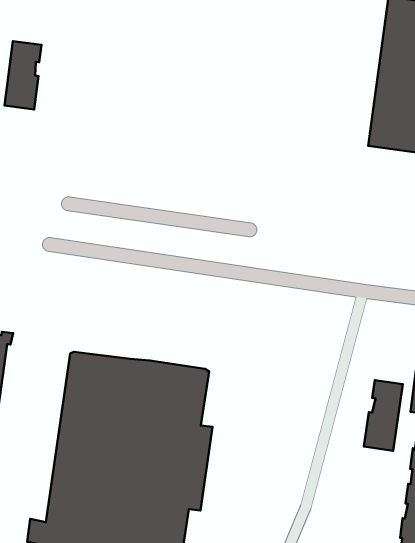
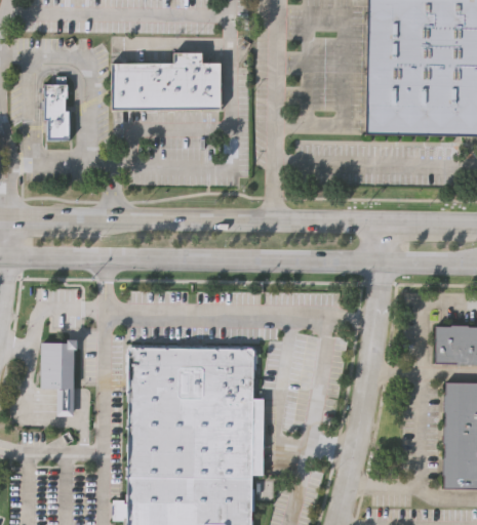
building: none -> [109,51,218,109]
building: [364,380,403,451] -> none

